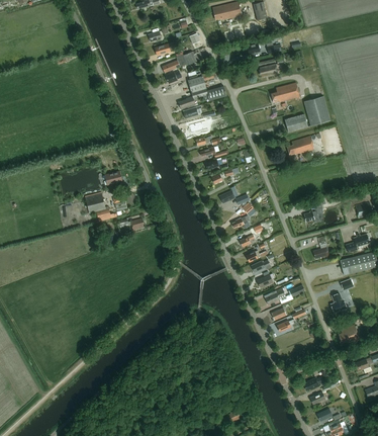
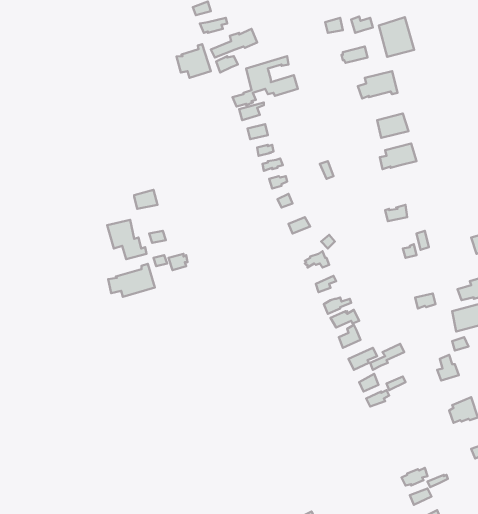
building: none -> [177,44,211,78]
building: [304,95,330,124] -> [379,17,414,57]
building: none -> [108,264,155,297]

